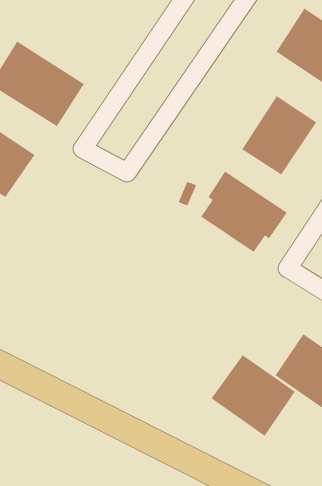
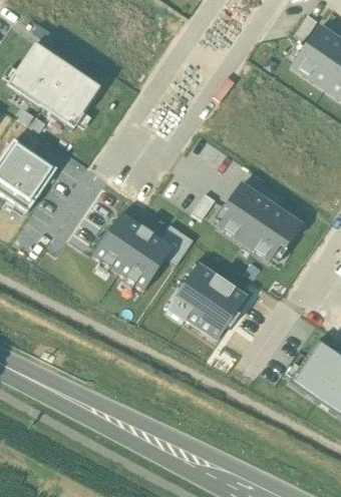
building: [241,95,317,176] -> none
building: none -> [93,211,193,288]
building: [210,354,296,437] -> [163,259,247,339]

